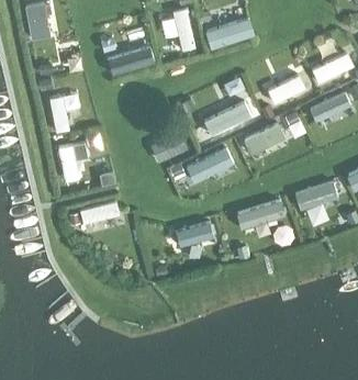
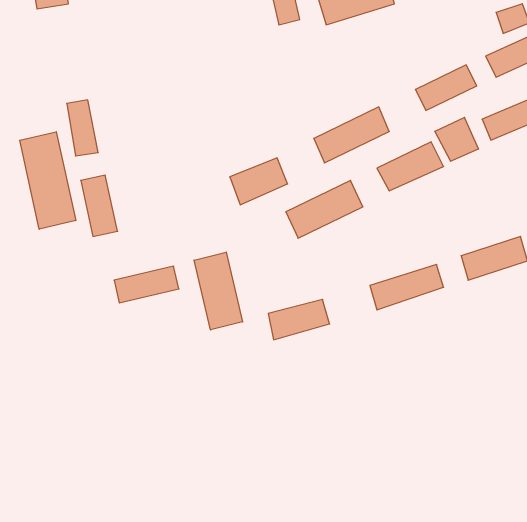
building: [105,46,155,76] -> none
building: none -> [20,132,76,229]
building: none -> [194,252,243,330]

